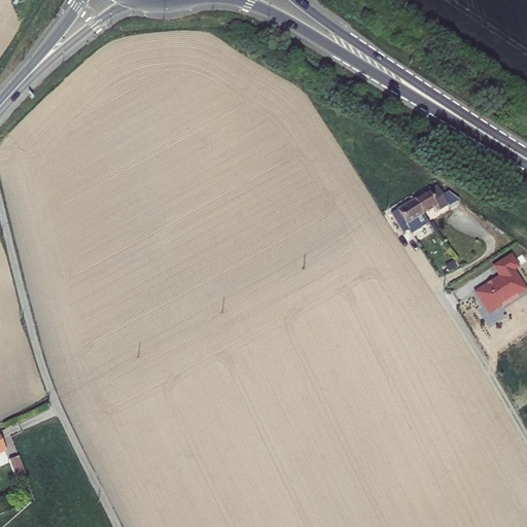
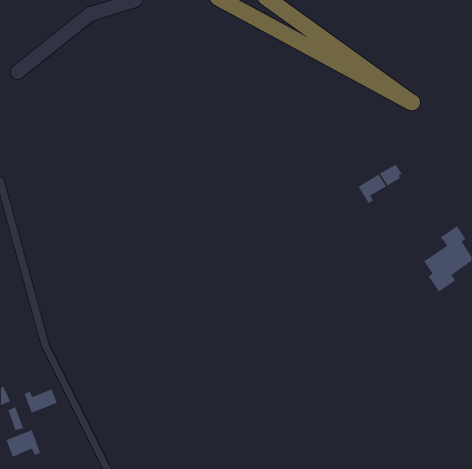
building: none -> [23,388,58,414]
building: none -> [5,429,41,458]

